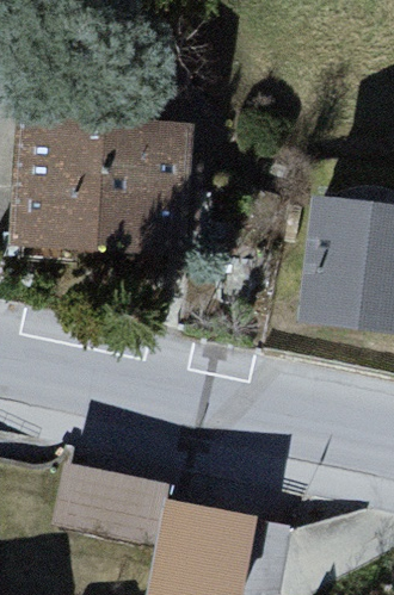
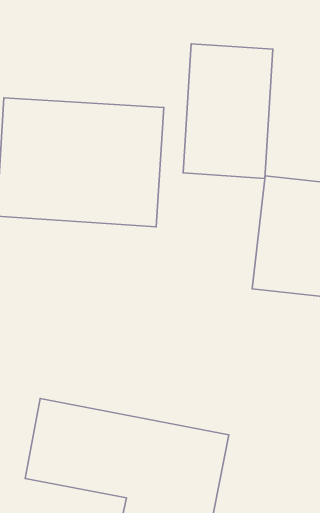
building: none -> [183,44,273,178]

